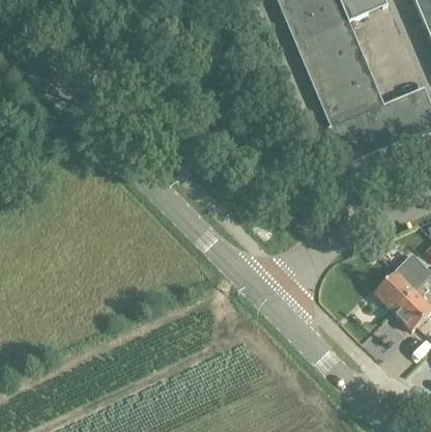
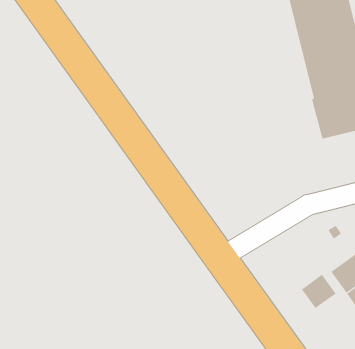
building: none -> [301,274,336,309]

